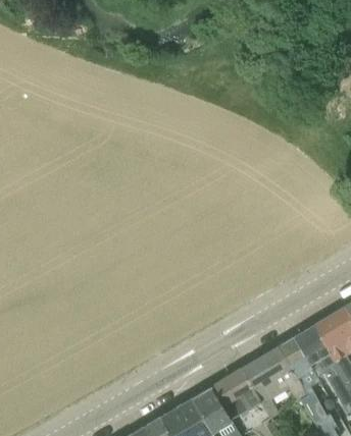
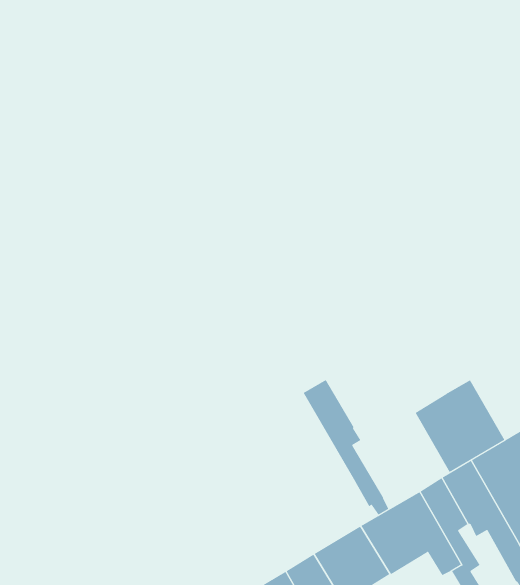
building: none -> [303,379,389,516]
building: none -> [415,380,505,473]

